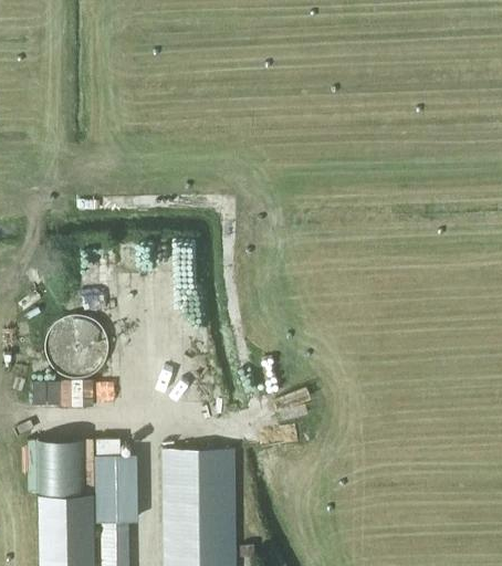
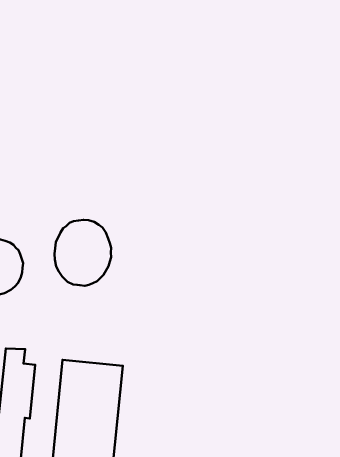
building: none -> [55,220,111,286]

